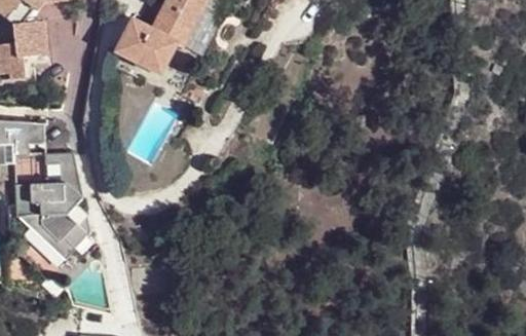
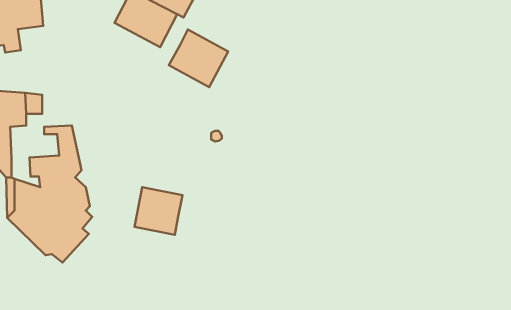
building: none -> [169,30,228,87]
building: none -> [135,187,182,235]

